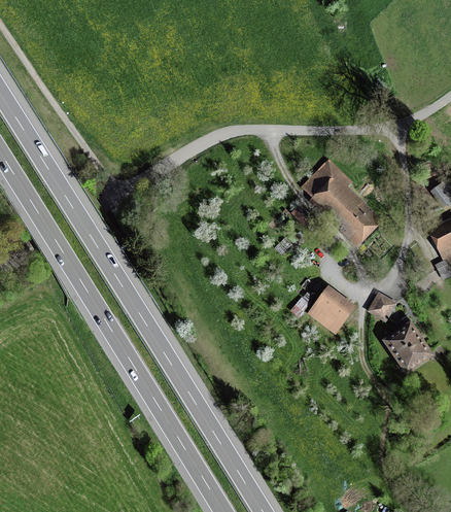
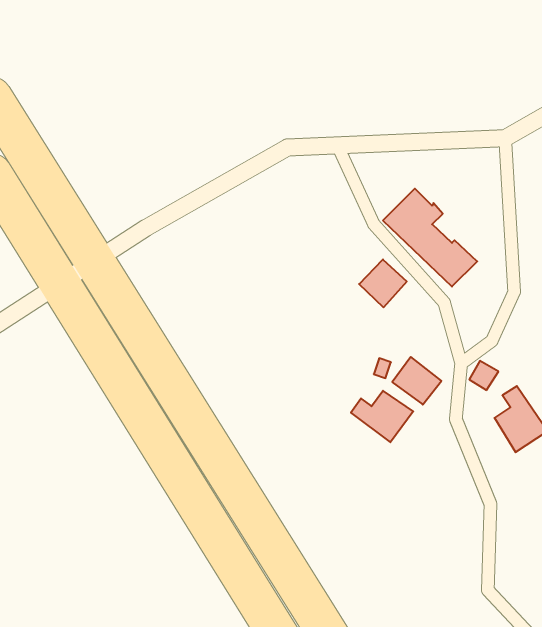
building: none -> [359,259,407,307]
building: none -> [351,391,413,442]

